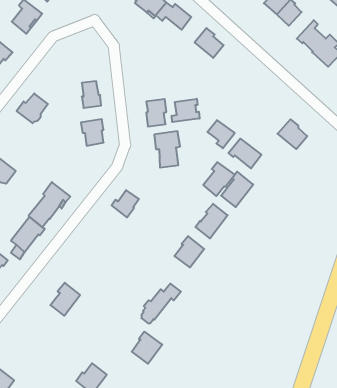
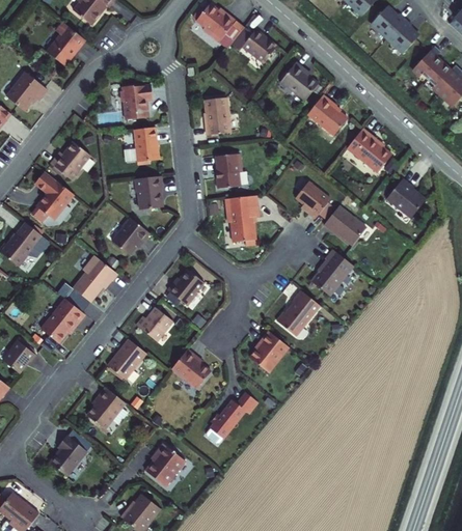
building: none -> [116,85,150,119]
building: none -> [305,90,346,132]
building: none -> [202,95,229,133]
building: none -> [345,125,389,169]
building: [172,99,200,122] -> none
building: none -> [33,172,71,220]
building: none -> [111,219,148,255]
building: [203,162,235,196] -> none
building: none -> [139,306,175,339]
building: none -> [112,338,151,378]
building: none -> [174,346,213,384]
building: none -> [54,428,98,475]
building: [132,332,162,364] -> [148,442,188,483]

